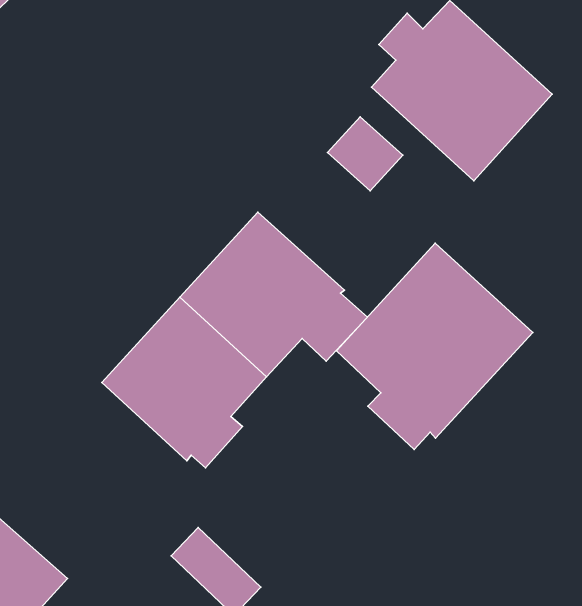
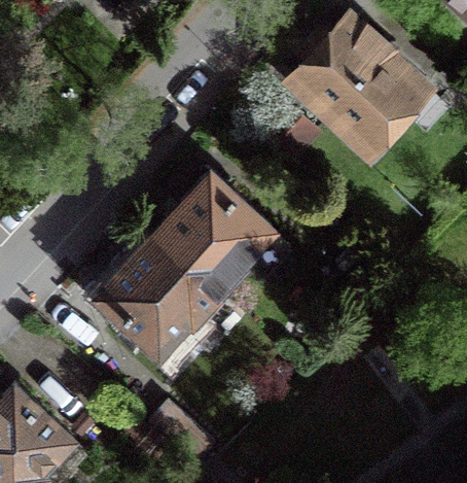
building: [337,243,533,450] -> none

